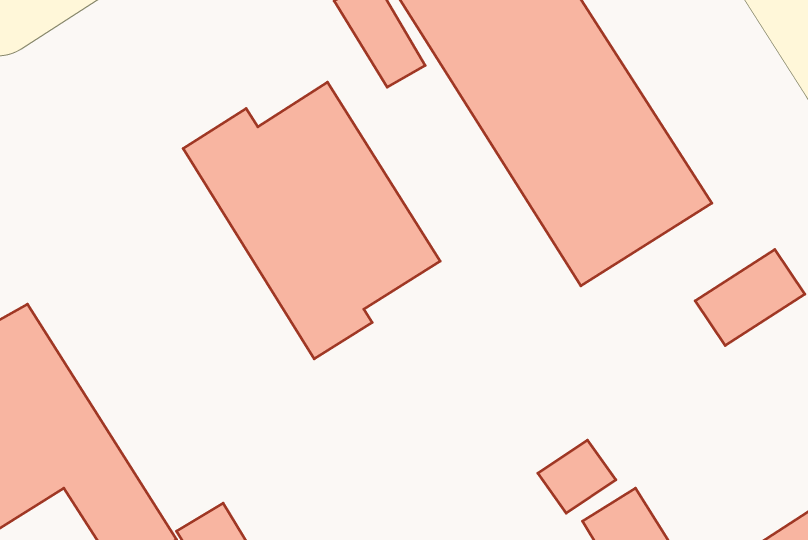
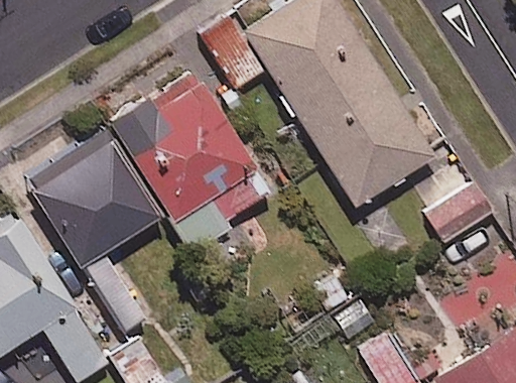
building: none -> [25,131,160,332]

